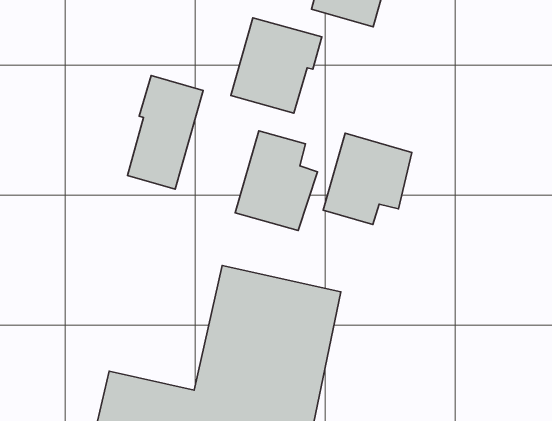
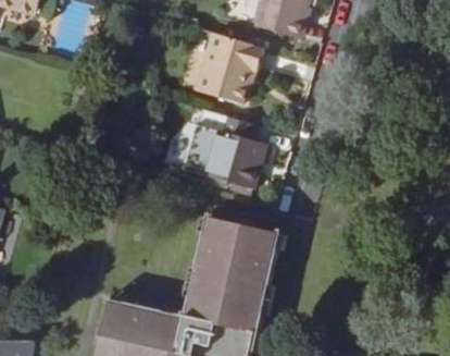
building: [127,75,203,189] -> none
building: [323,133,412,225] -> none

